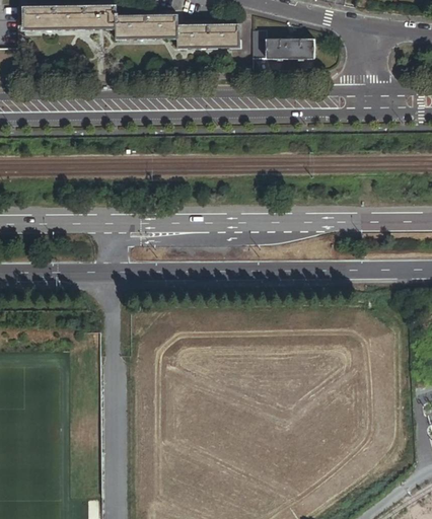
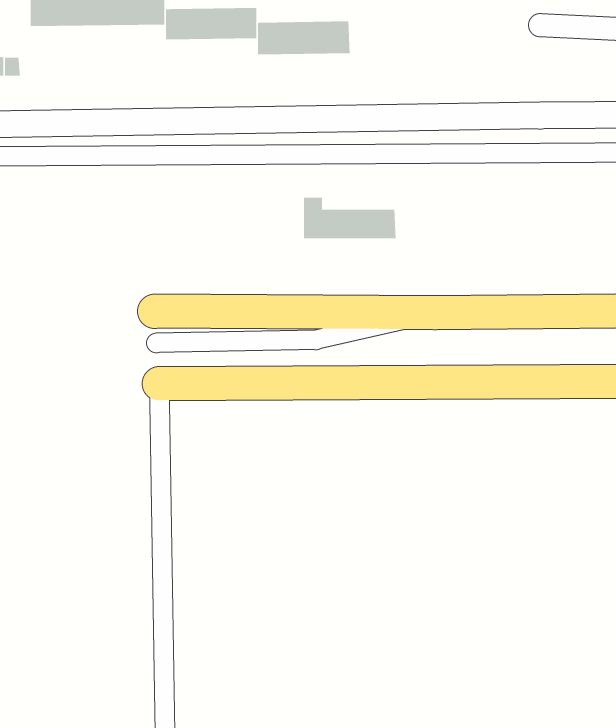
building: [251,29,314,58] -> [303,197,397,239]

